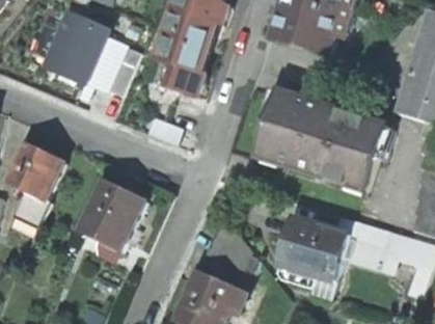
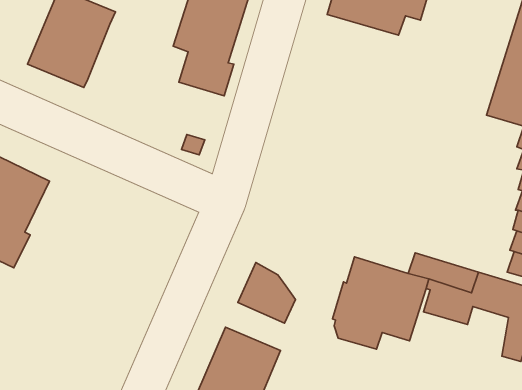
building: [91,42,139,96] -> none
building: [254,90,386,190] -> none
building: [78,179,144,251] -> none

